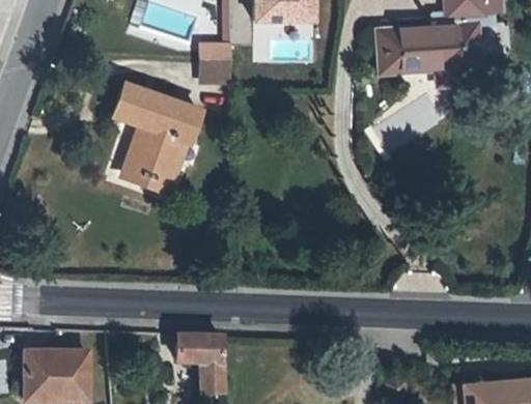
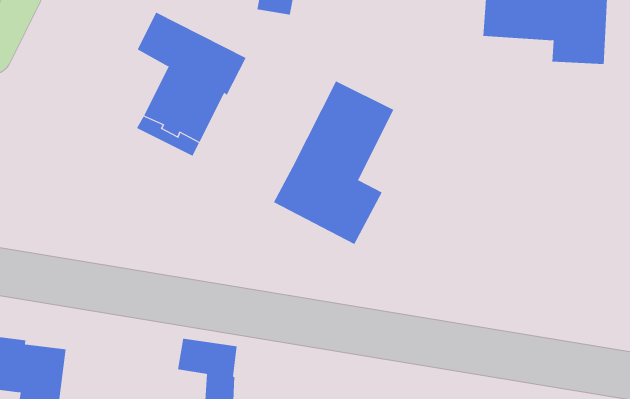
building: none -> [273,80,394,245]

